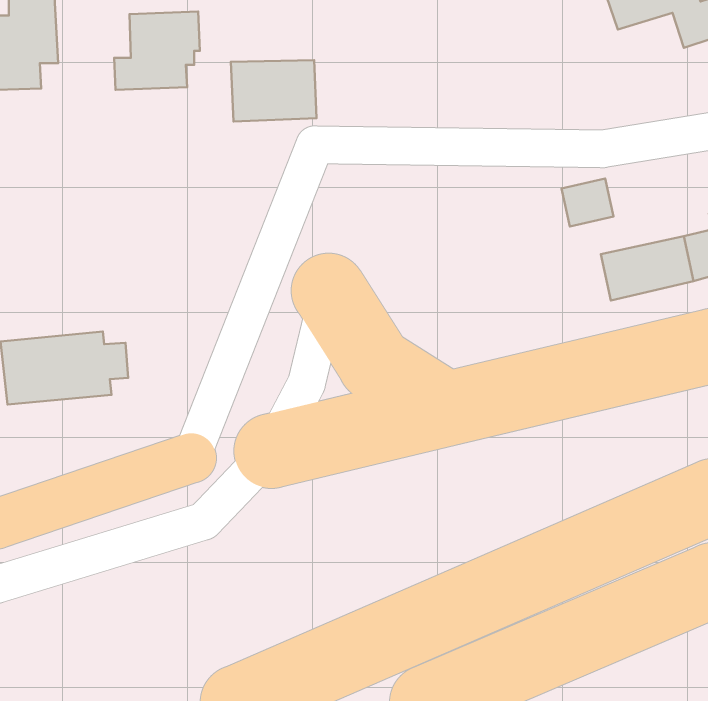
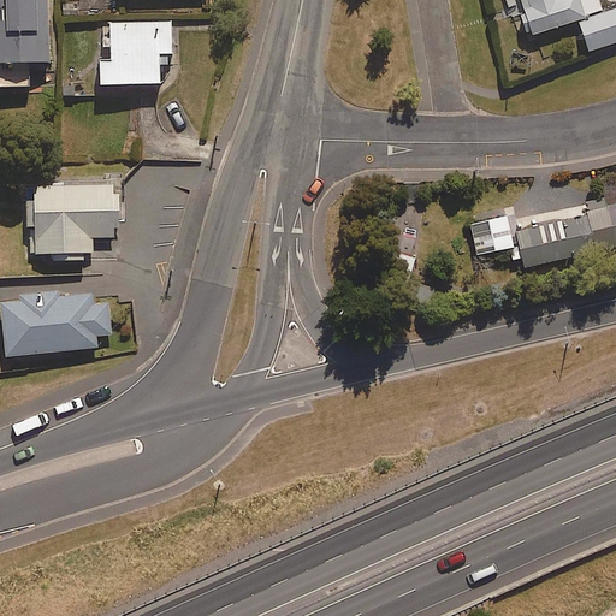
building: [231,60,316,121] -> none
building: [562,179,613,226] -> [469,214,514,255]
building: none -> [23,178,114,255]

